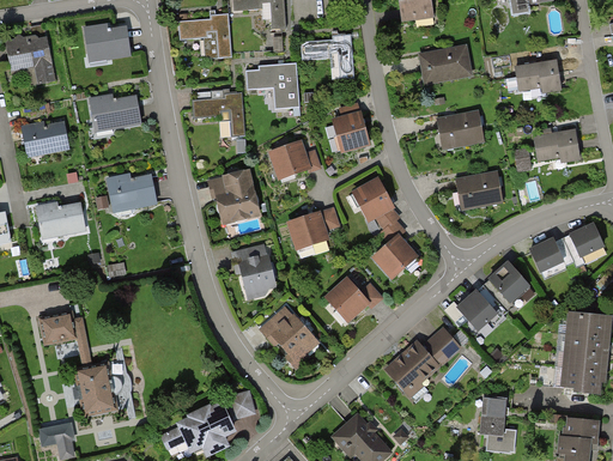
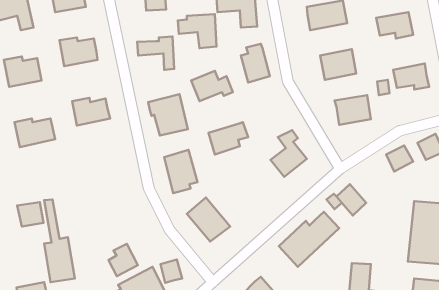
building: [348,174,401,226] -> none
building: [485,260,529,305] -> none
building: [320,273,384,323] -> none
building: none -> [109,244,138,276]

